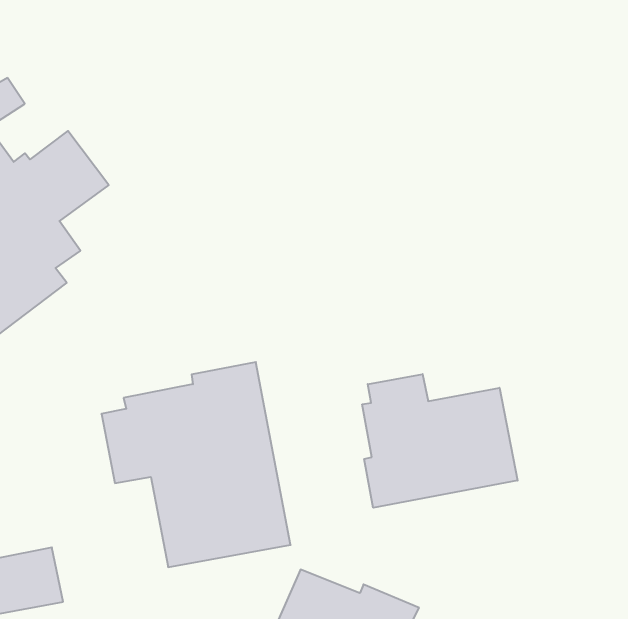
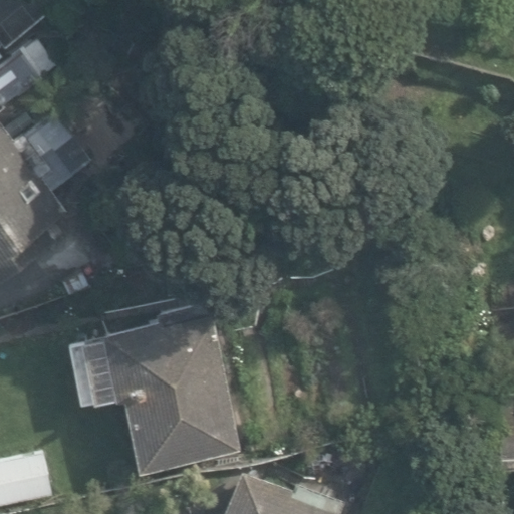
building: [362,374,518,508] -> none

